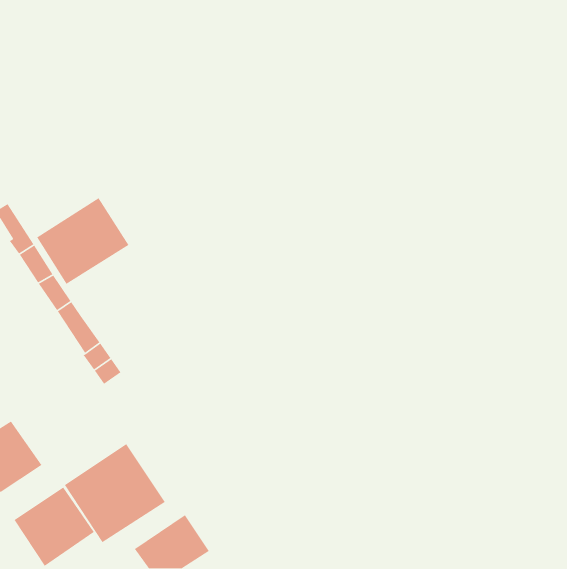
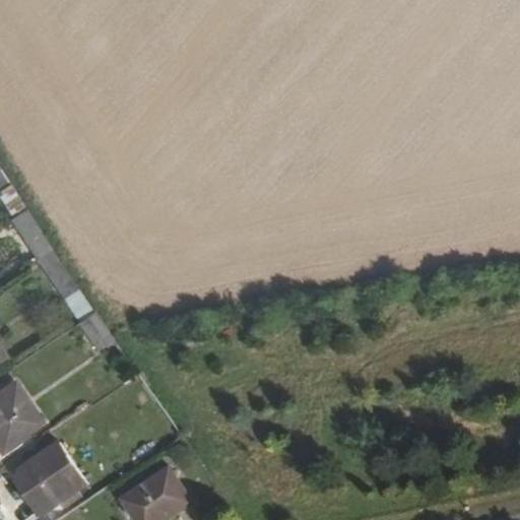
building: [36,197,130,285] -> none
building: [64,443,166,543] -> none

